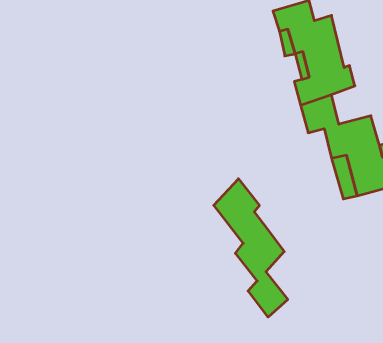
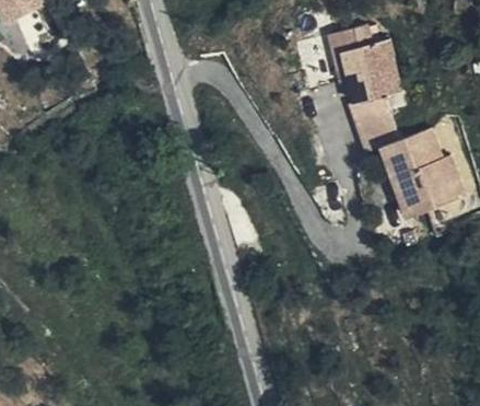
building: [214,179,288,317] -> none

